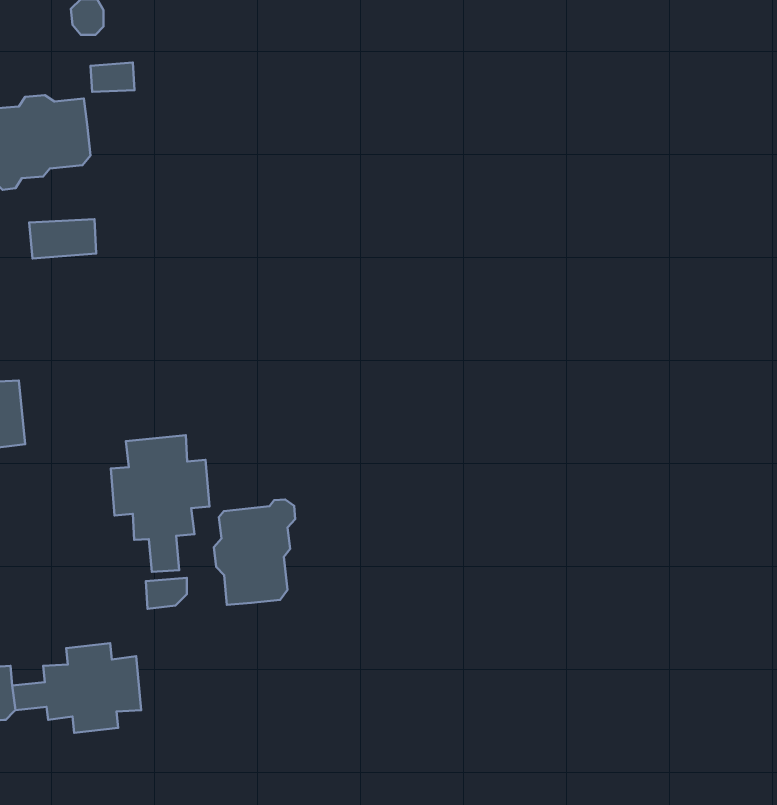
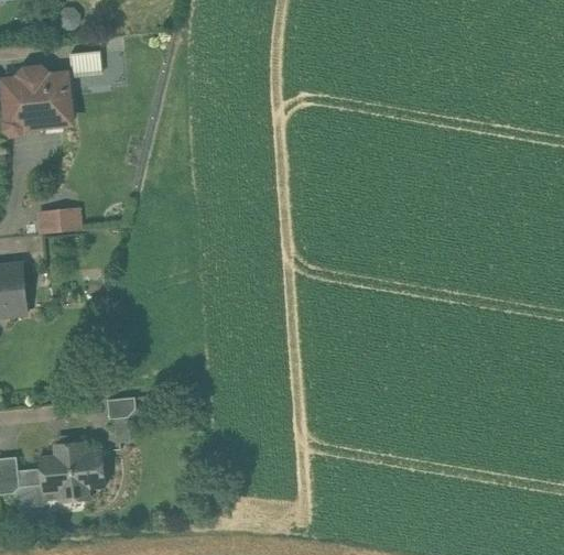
building: [29,219,96,258] -> [36,205,82,231]
building: [111,435,209,572] -> none
building: [214,500,295,605] -> none

